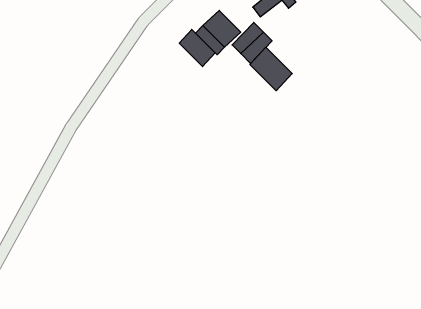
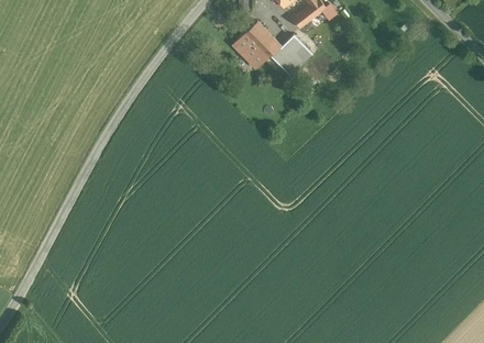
building: [179,29,215,67] -> none
building: [250,47,292,91] -> none

